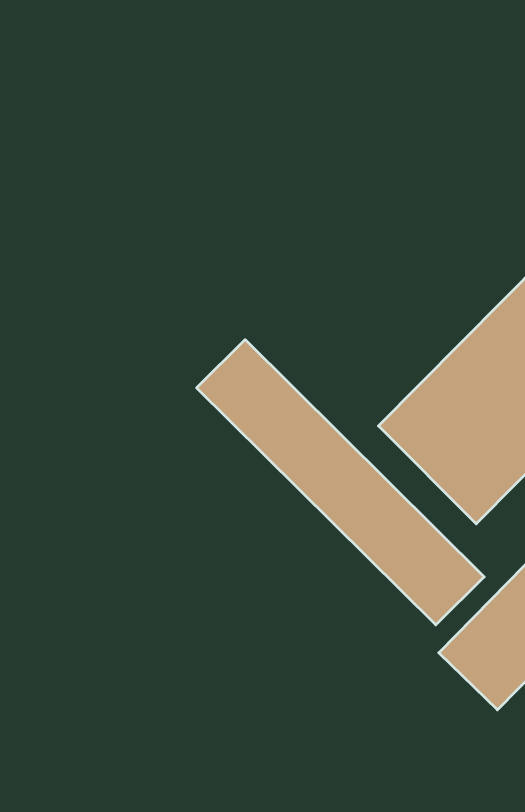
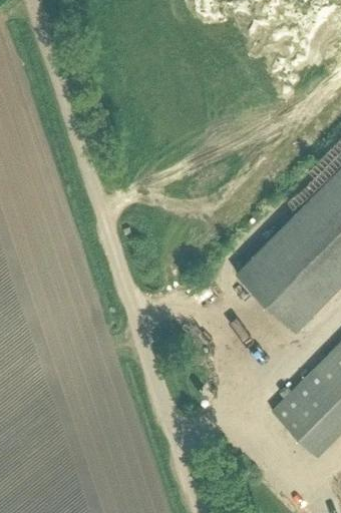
building: [197,340,484,625] -> none

